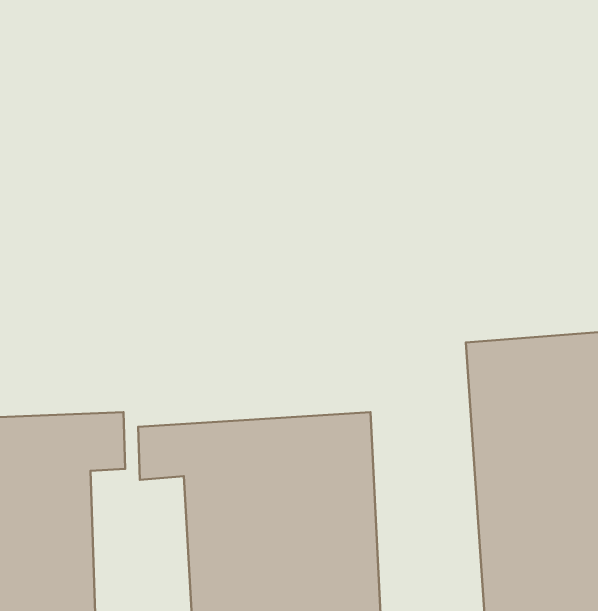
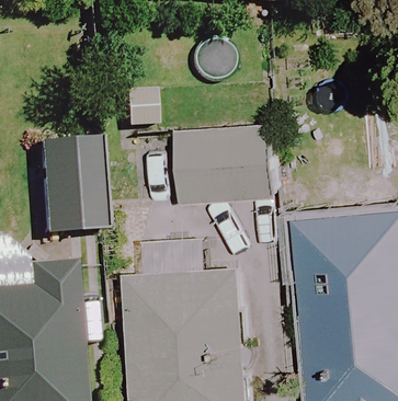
building: none -> [177,130,273,203]
building: none -> [35,141,102,238]

